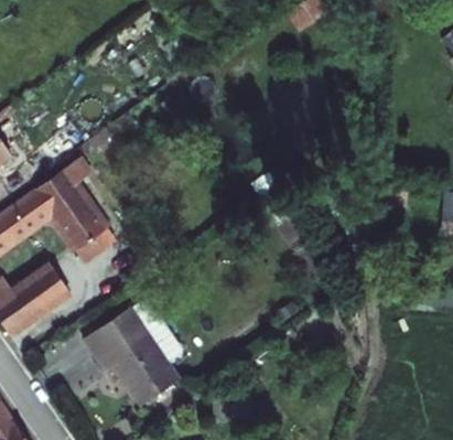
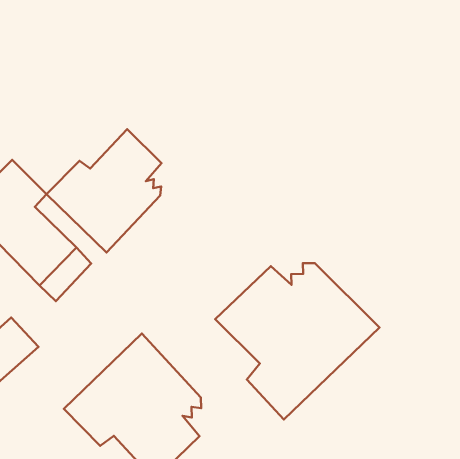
building: none -> [47,129,161,253]
building: none -> [215,263,379,419]

